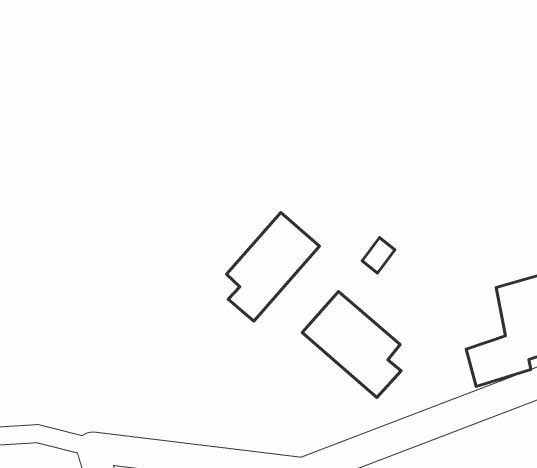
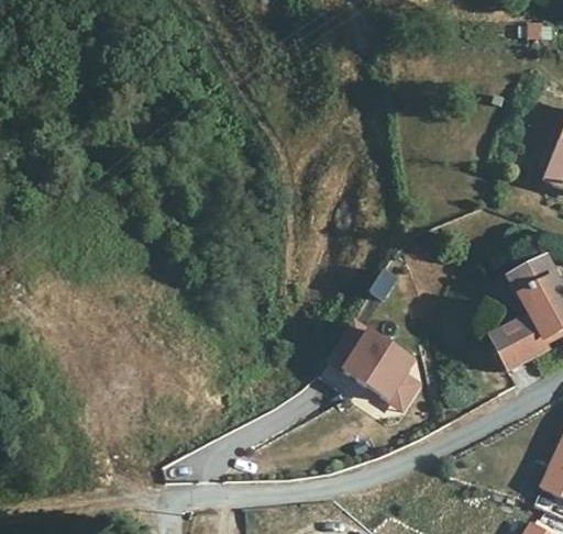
building: [226,213,320,321] -> none

